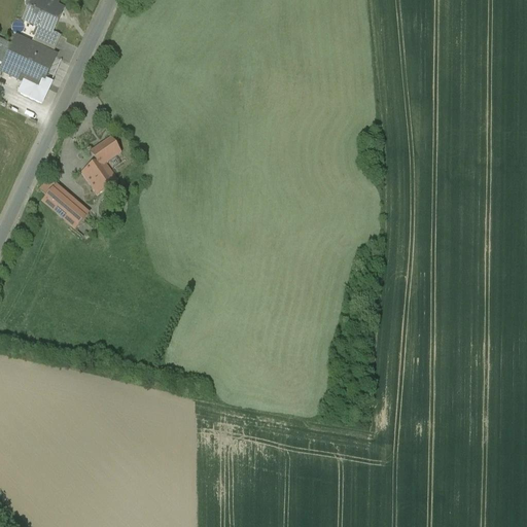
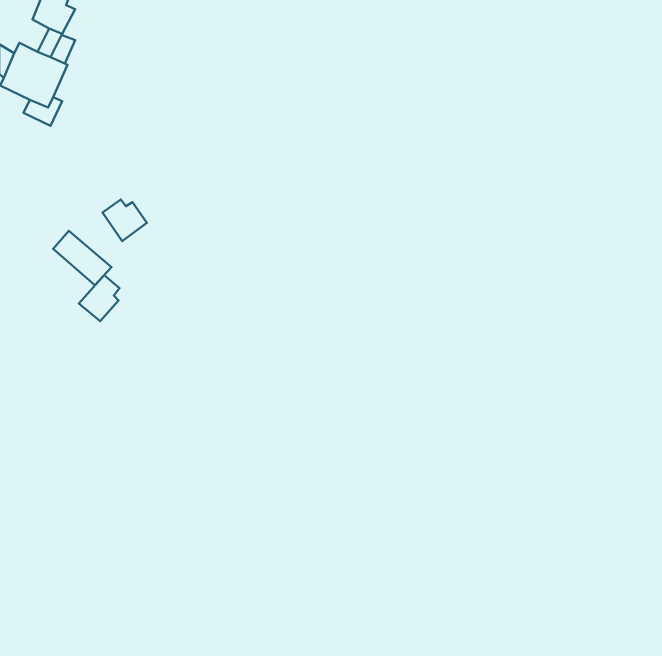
building: [90,134,120,164] -> none
building: none -> [79,275,120,321]

